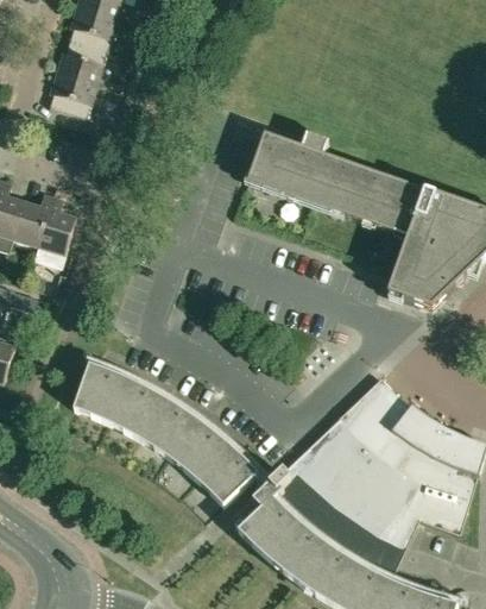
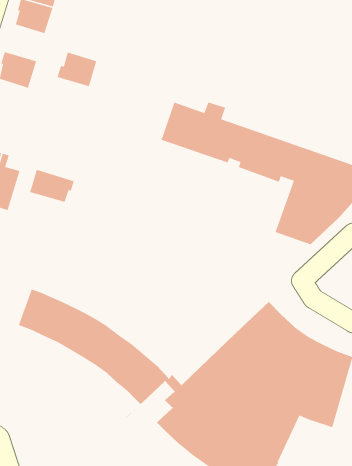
building: [56,38,106,82] -> [57,51,97,87]
building: none -> [29,169,75,203]

